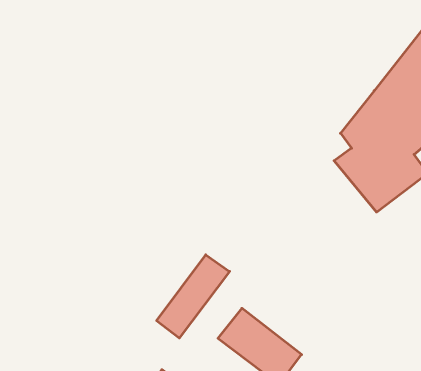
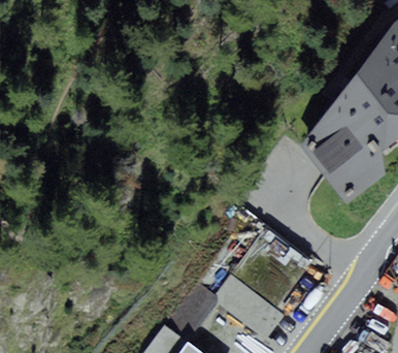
building: [157,255,230,338] -> none

